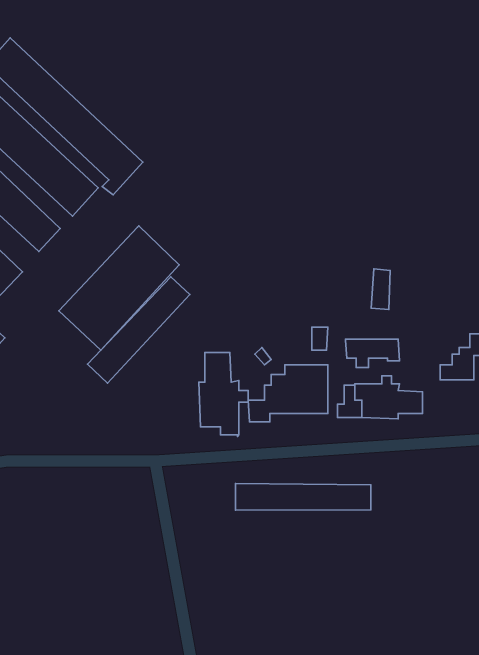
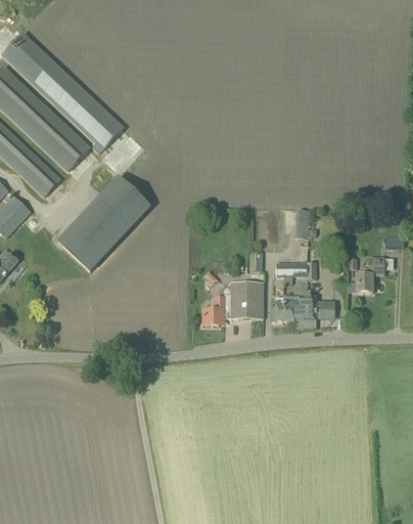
building: [87,277,190,383] -> none
building: [199,353,248,437] -> none
building: [236,483,371,510] -> none

